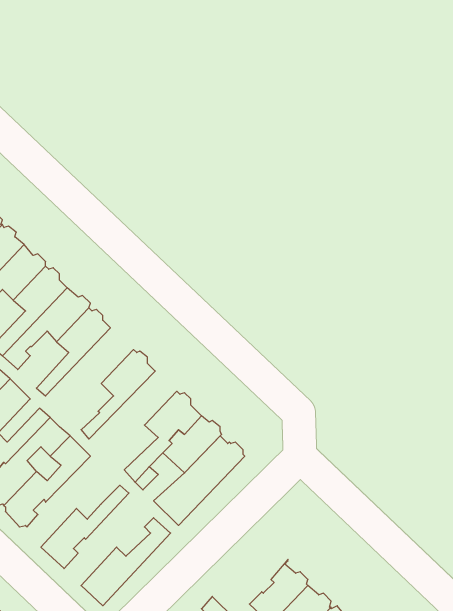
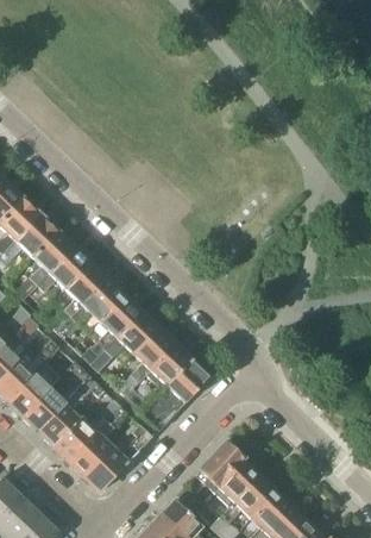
building: none -> [56,277,124,338]
building: none -> [89,311,157,370]
building: none -> [42,376,106,446]
building: none -> [70,405,127,476]
building: none -> [195,440,243,490]

